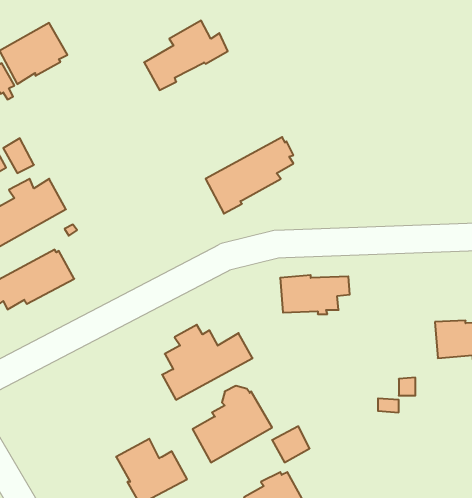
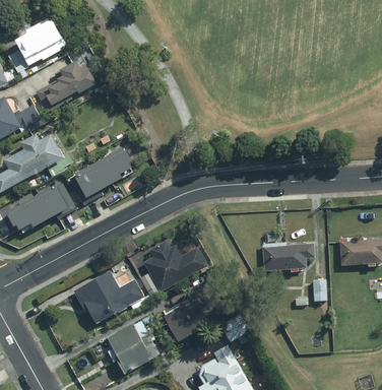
building: [144,21,228,90] -> [39,60,100,111]
building: [206,137,293,214] -> [72,147,136,203]
building: [280,275,350,314] -> [259,243,310,271]
building: none -> [70,272,139,323]

